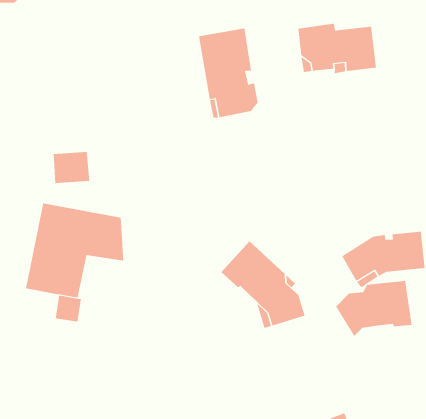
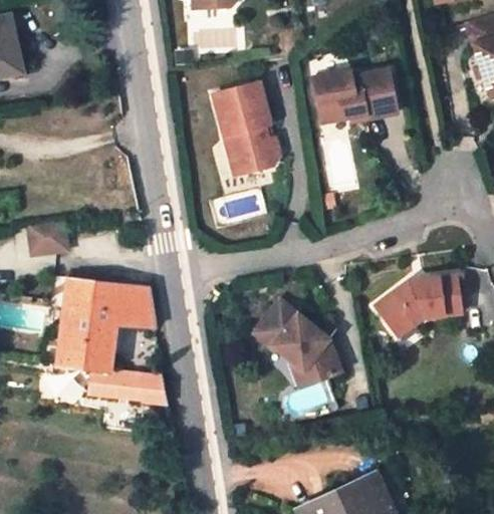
building: [53,151,90,184] -> [26,219,66,254]
building: [336,280,412,337] -> none
building: none -> [111,370,168,403]

